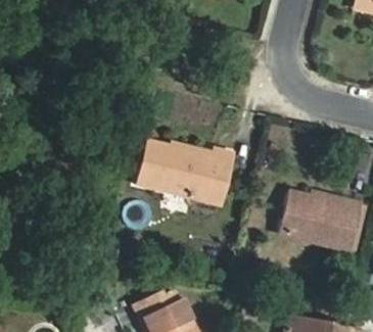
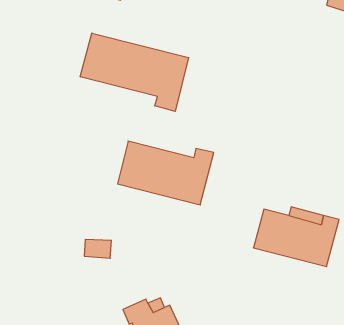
building: none -> [80,33,189,111]

